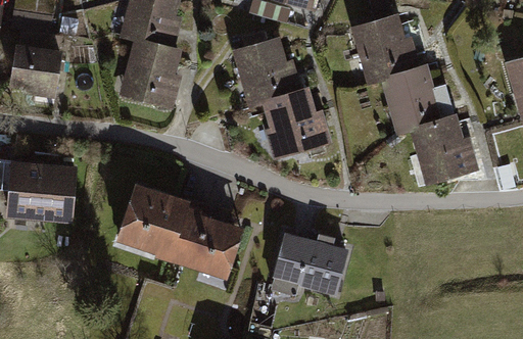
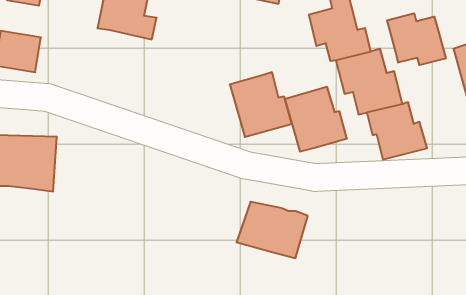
building: none -> [387,13,446,65]
building: [232,38,299,108] -> [285,87,347,152]
building: [121,45,180,113] -> none
building: [114,178,242,277] -> none

